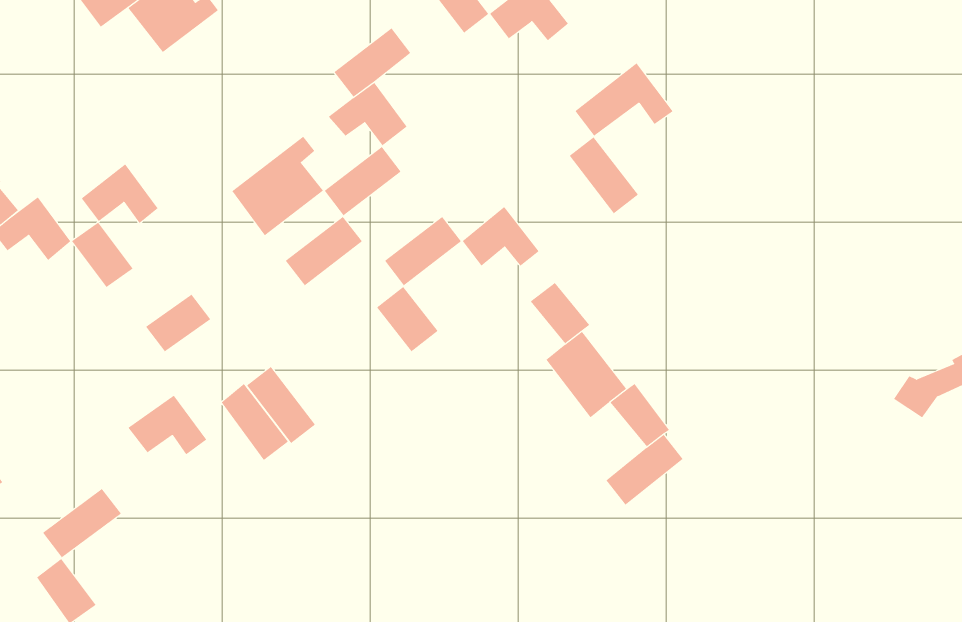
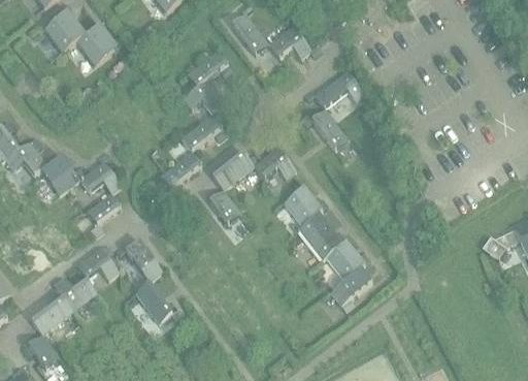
building: [232,136,324,236] -> none
building: [81,164,159,224] -> [78,160,120,192]
building: [246,366,316,444] -> [134,281,171,322]
building: none -> [54,277,96,309]

